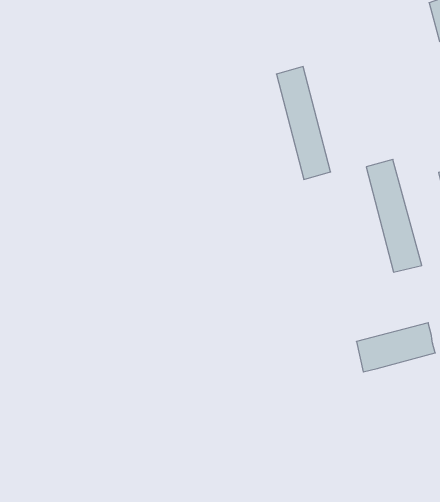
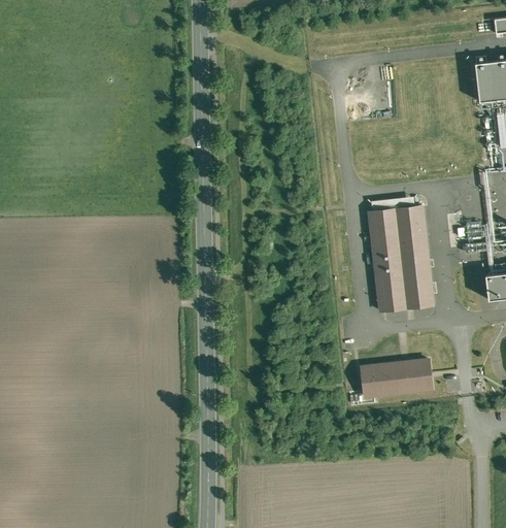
building: [276,67,331,179] -> [370,207,406,311]

